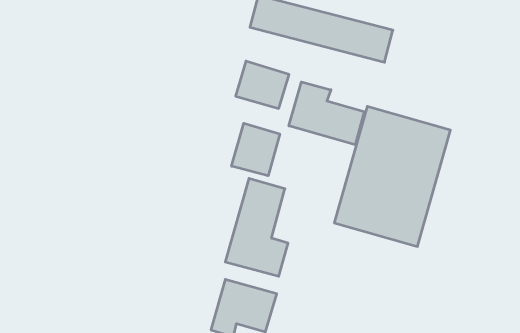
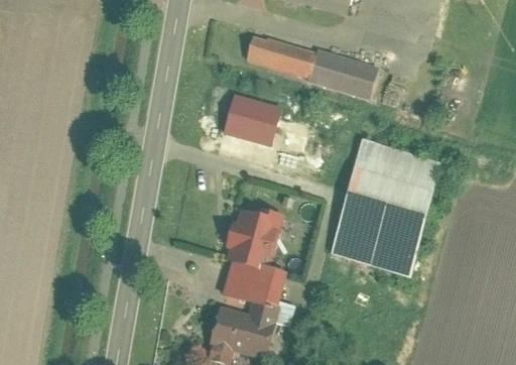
building: [289,82,364,145] -> none
building: [232,123,280,176] -> none

